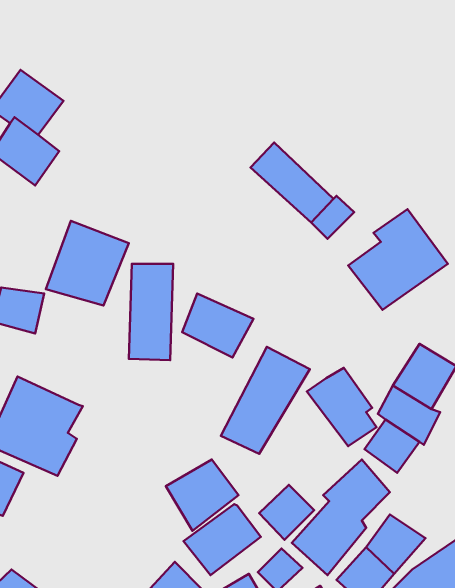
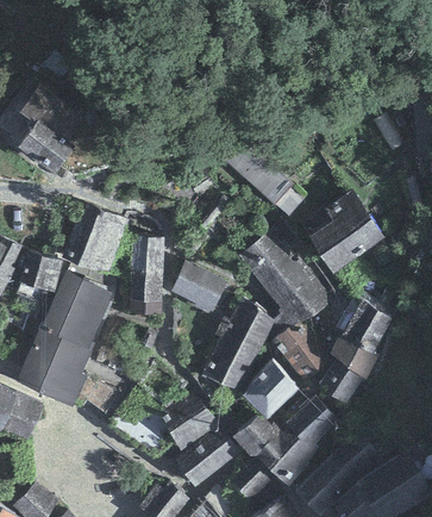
building: none -> [239,229,332,329]
building: none -> [40,272,113,350]
building: none -> [243,361,299,419]

